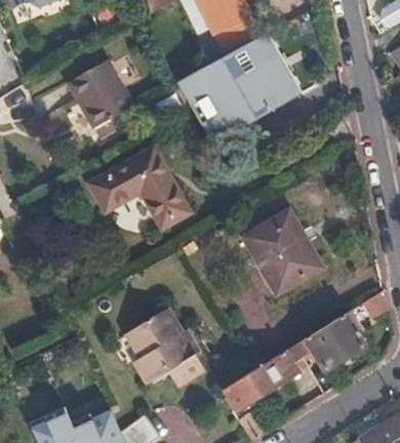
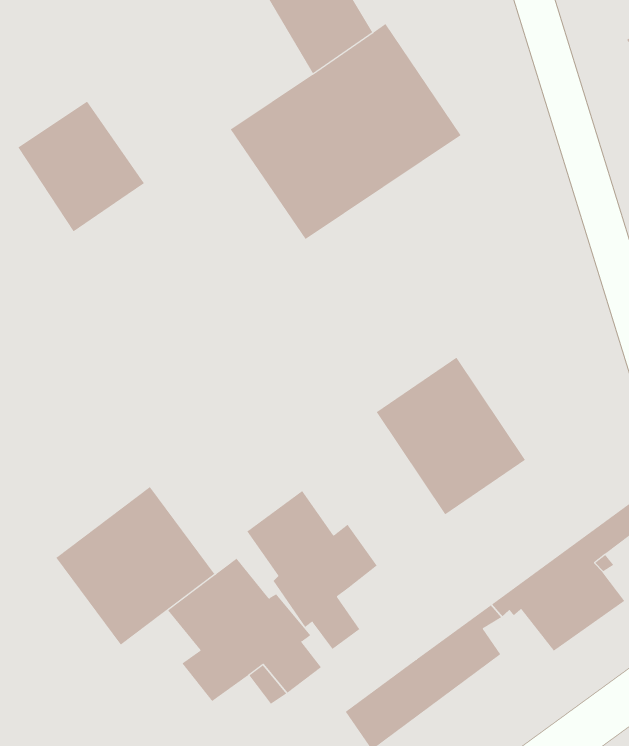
building: [86,148,185,228] -> none
building: none -> [56,486,215,645]
building: none -> [247,490,378,650]

